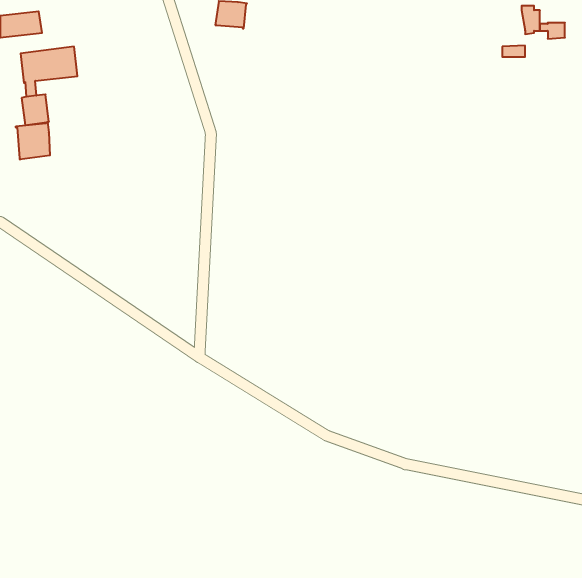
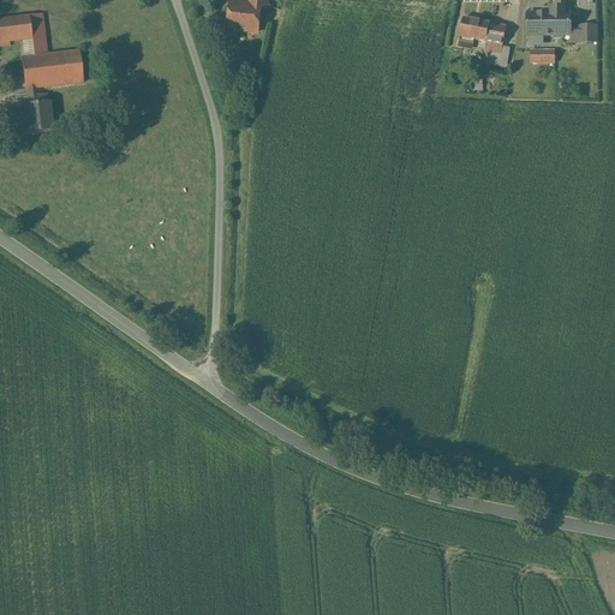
building: none -> [527,11,554,43]
building: none -> [459,16,509,65]
building: [16,122,50,160] -> none

